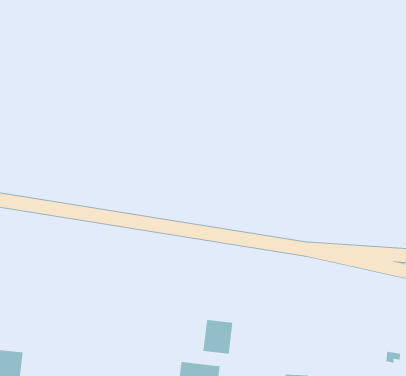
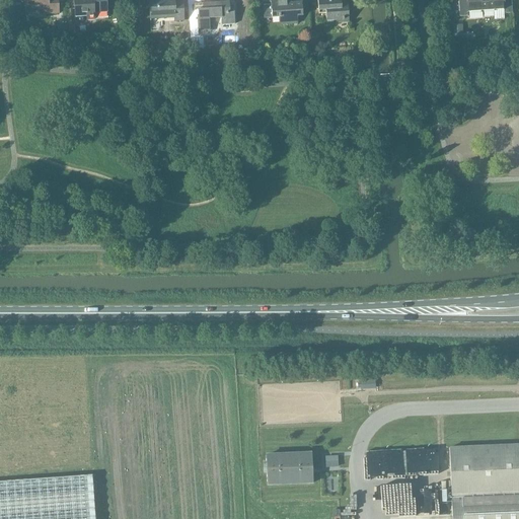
building: [203,319,233,354] -> none

